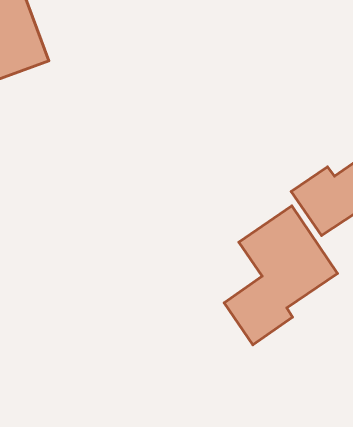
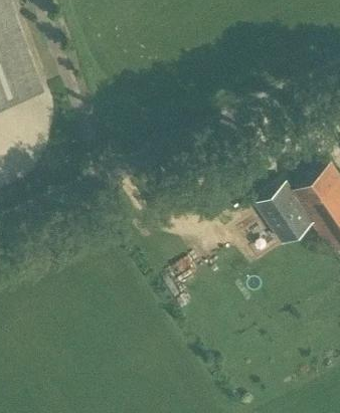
building: [224,206,338,345] -> none

